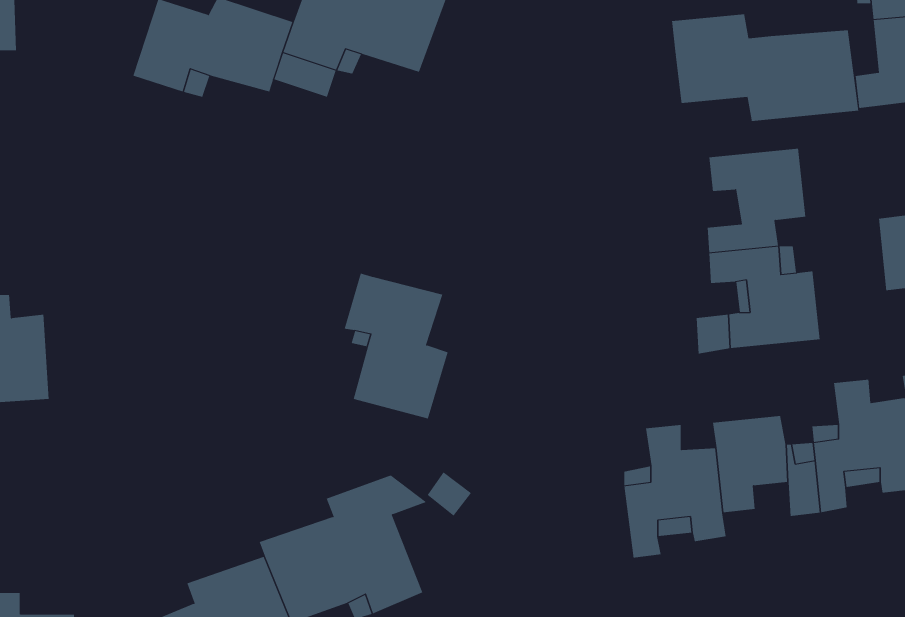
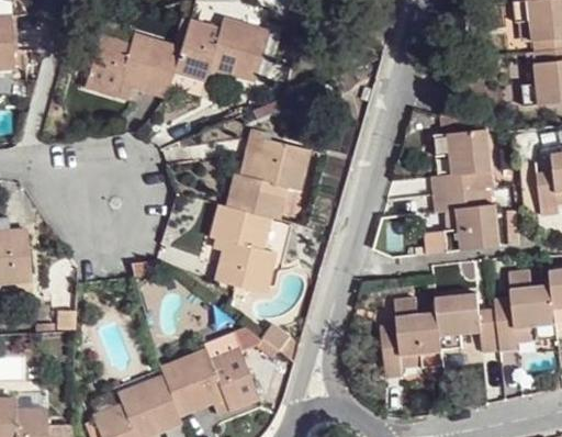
building: [671,14,859,122] -> none
building: none -> [229,132,312,221]

